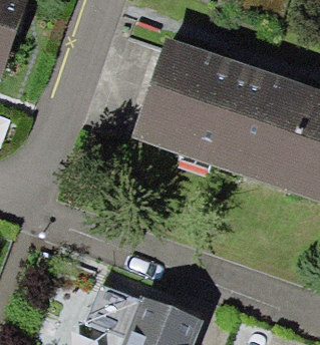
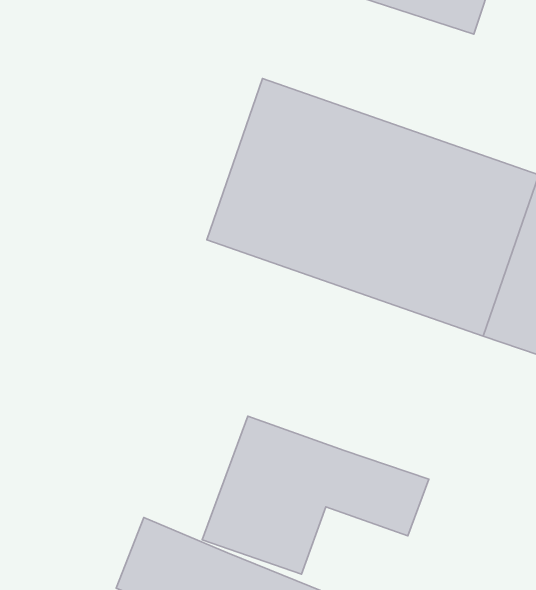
building: none -> [202,416,429,574]

